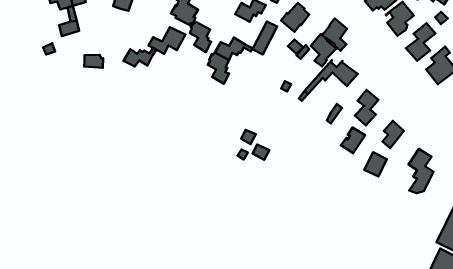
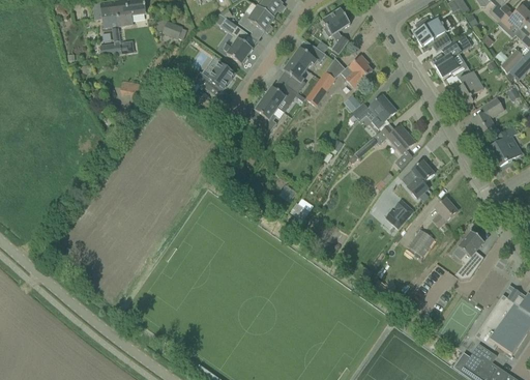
building: [322,18,347,51] -> none
building: [190,22,211,52] -> [284,58,306,92]
building: [123,48,156,67] -> none

